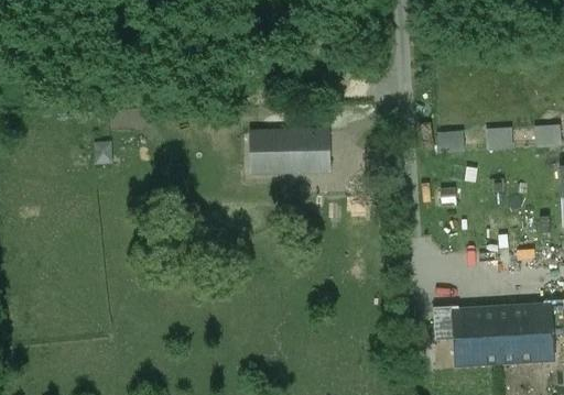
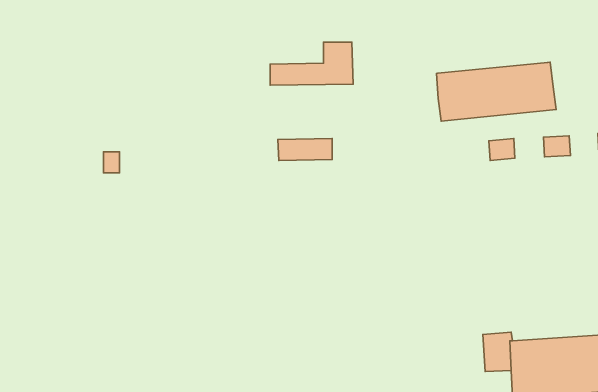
building: none -> [437,62,556,121]
building: [250,132,324,171] -> [270,42,353,85]

